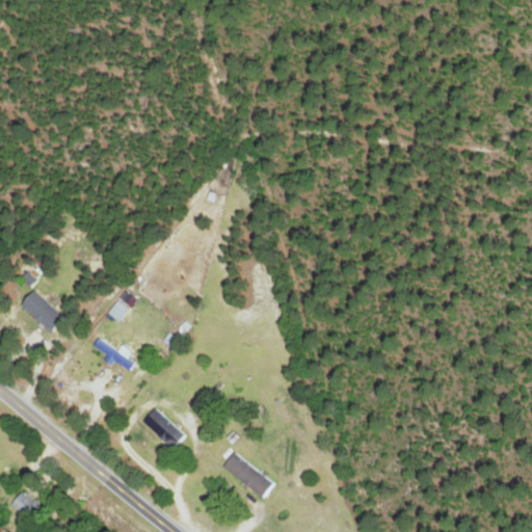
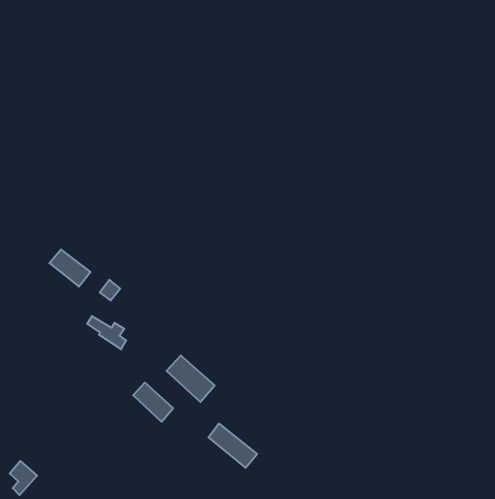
building: [22,291,65,330] -> [49,249,90,287]
building: none -> [167,355,215,402]

